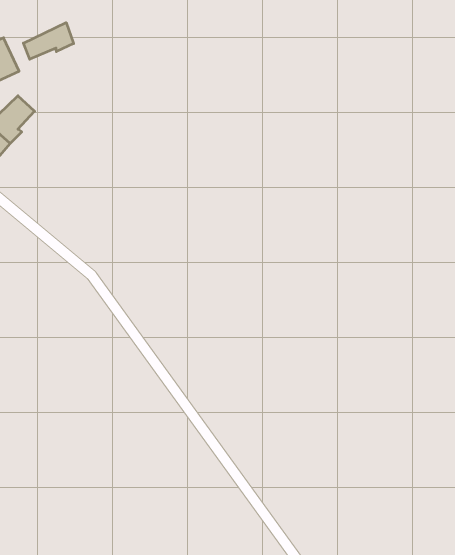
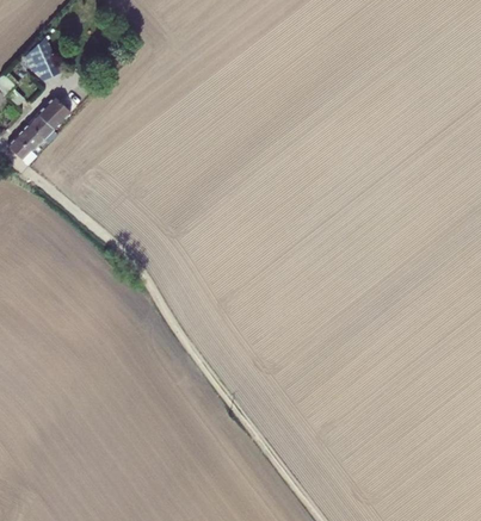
building: [23,23,74,59] -> none

